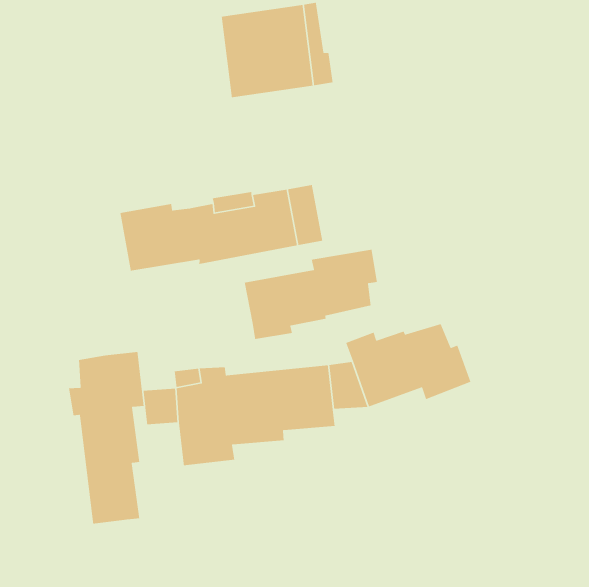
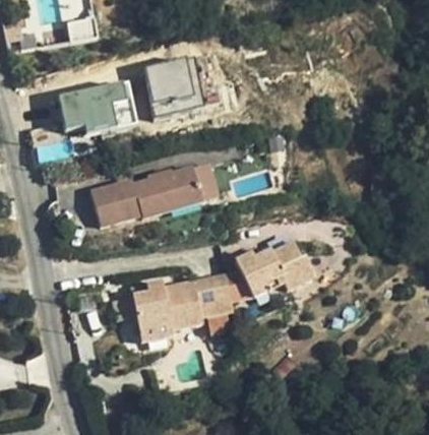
building: none -> [57,77,136,131]
building: [244,249,378,340] -> none
building: [68,351,144,524] -> none

